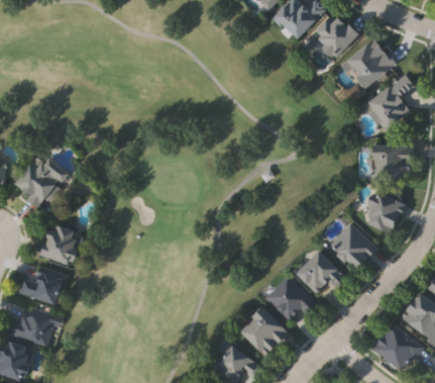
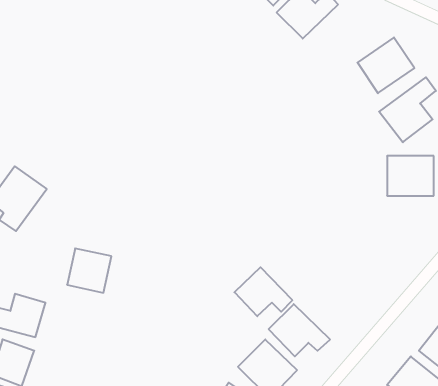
building: [309,11,355,58] -> none
building: [360,189,403,233] -> none
building: [329,223,376,271] -> none
building: [43,225,83,265] -> [67,248,111,293]
building: [294,250,345,293] -> [234,267,292,316]

